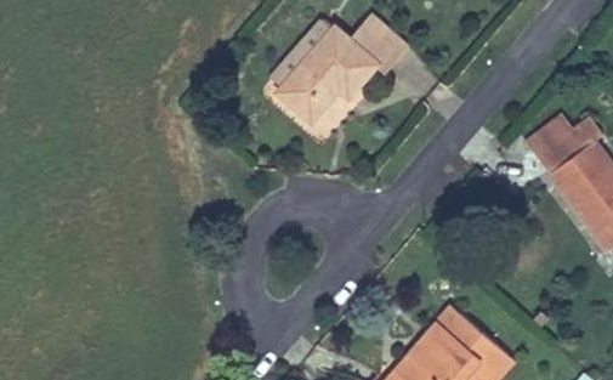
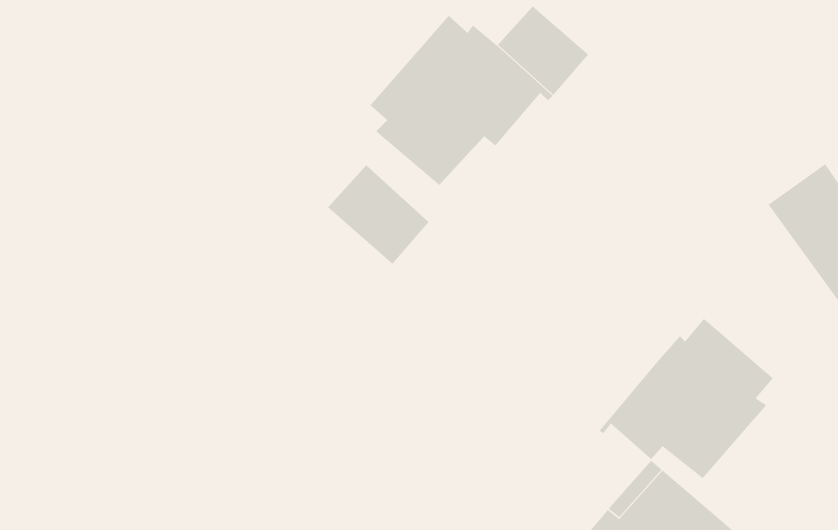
building: none -> [327,165,430,265]
building: none -> [598,318,774,479]

